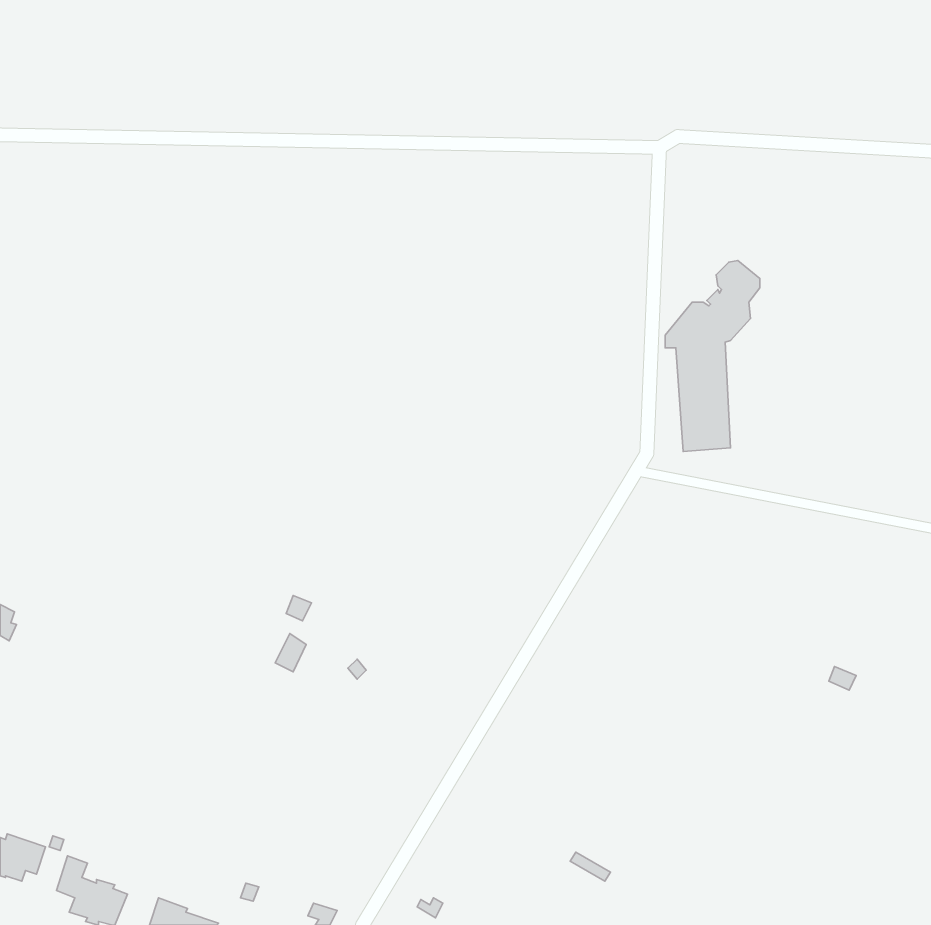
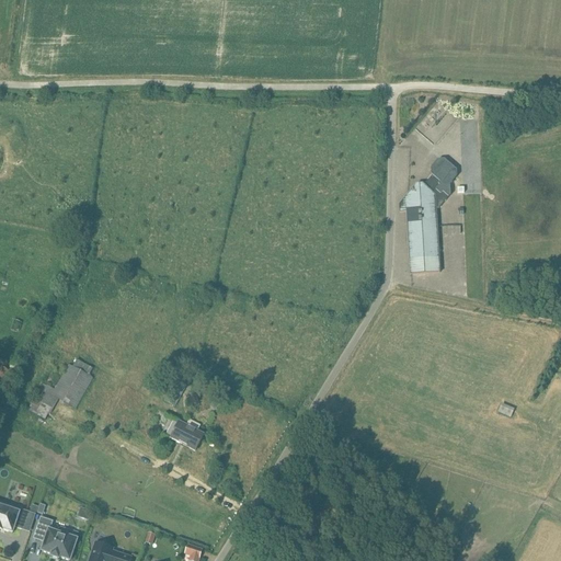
building: none -> [28,362,94,417]
building: none -> [171,420,204,448]

